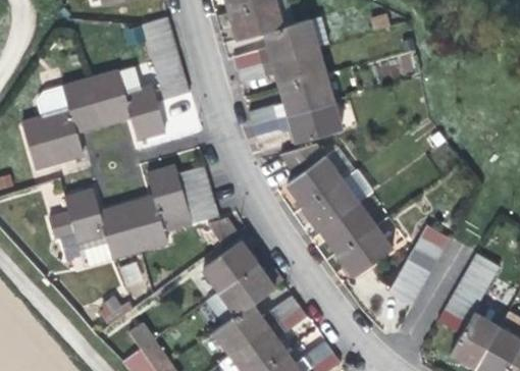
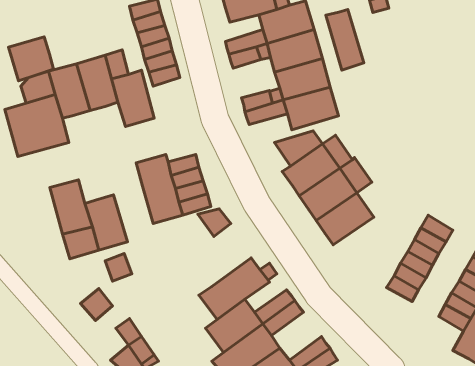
building: none -> [326,9,364,70]
building: none -> [8,37,54,81]
building: [125,197,166,250] -> none
building: [335,226,391,277] -> none
building: [202,242,257,293] -> none

